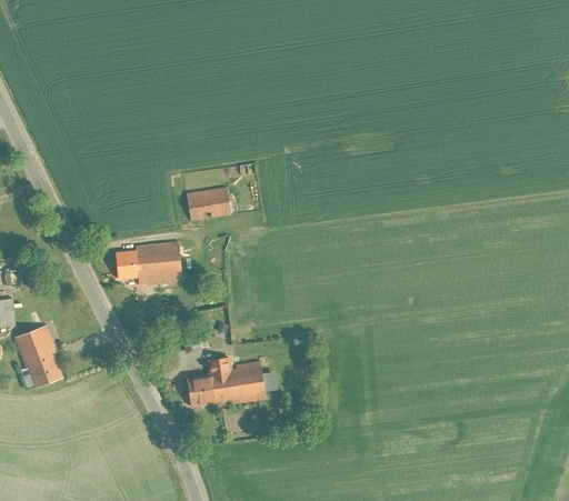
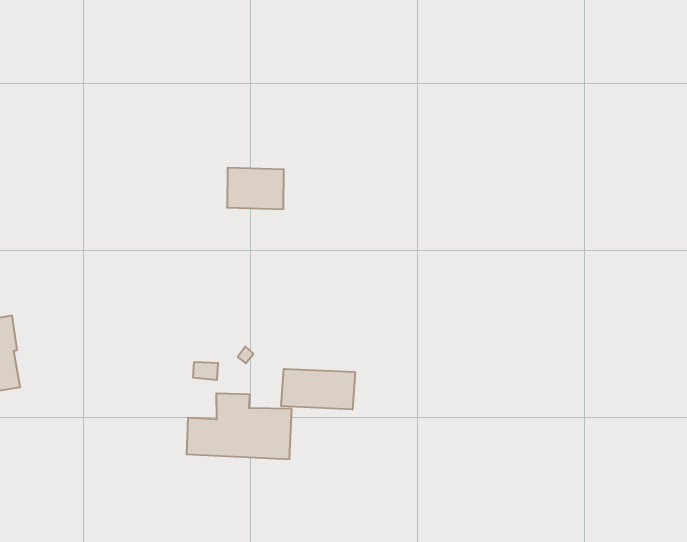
building: [116,241,181,284] -> none
building: none -> [281,369,355,410]

